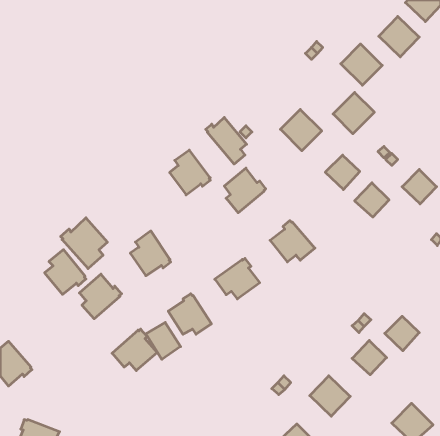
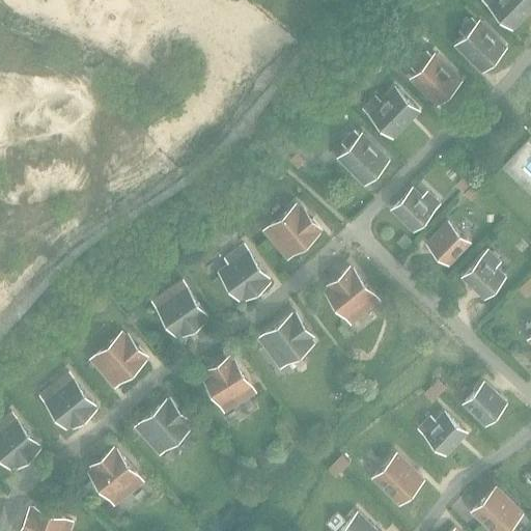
building: [333,92,374,134] -> [369,90,419,140]
building: [206,117,247,164] -> none
building: [170,150,210,195] -> [220,248,269,302]
building: [402,169,437,204] -> [463,259,504,301]
building: [61,218,107,269] -> none
building: [45,250,86,294] -> [46,375,95,429]
building: [146,322,181,359] -> none
building: none -> [89,451,143,501]

